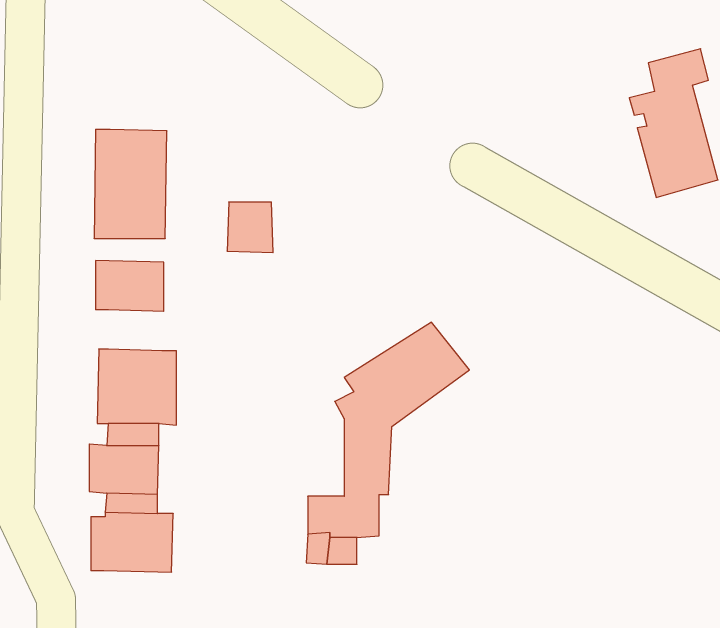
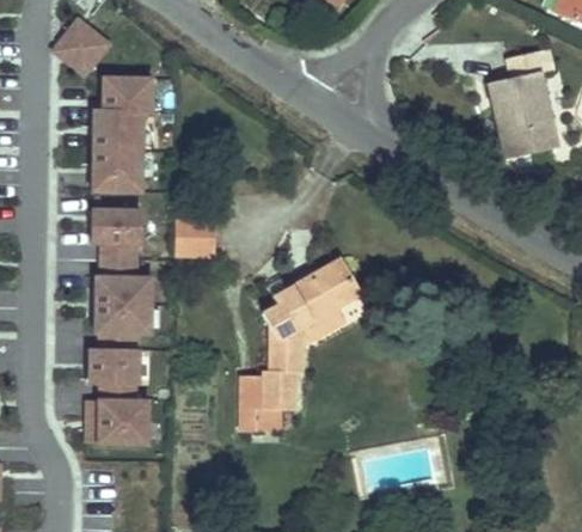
building: none -> [48,16,111,79]
building: none -> [98,75,148,109]
building: [227,202,273,253] -> [179,216,214,255]
building: none -> [97,244,139,275]

